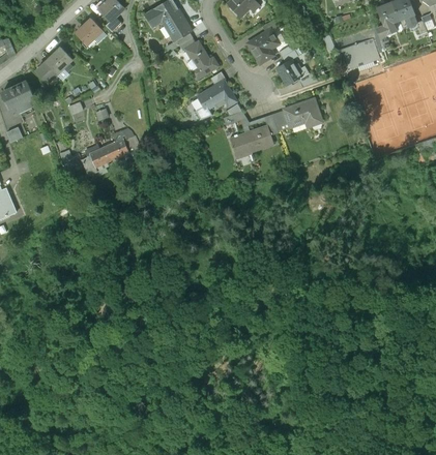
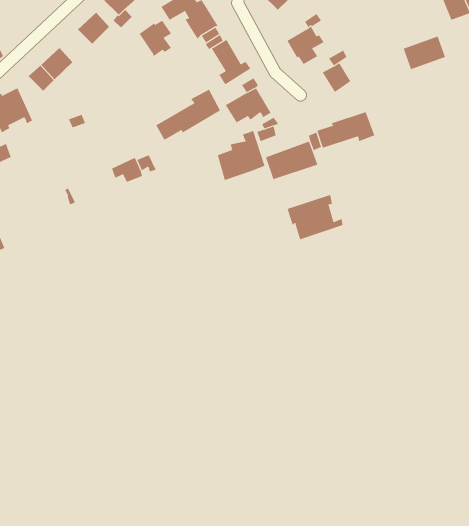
building: none -> [139,20,172,57]
building: none -> [156,89,221,140]
building: none -> [217,130,265,181]
building: [84,147,116,174] -> none
building: none -> [287,194,343,240]

